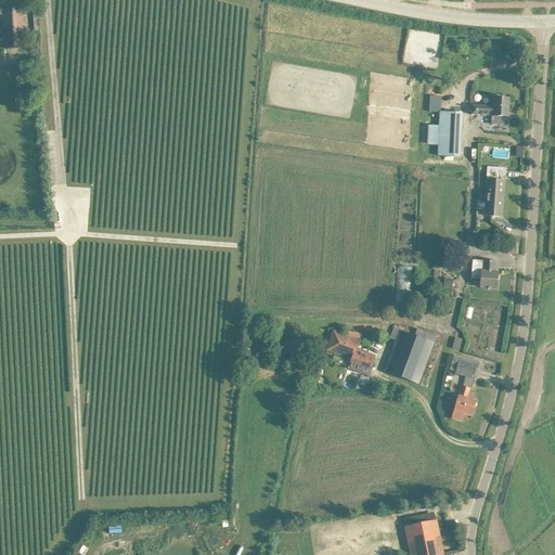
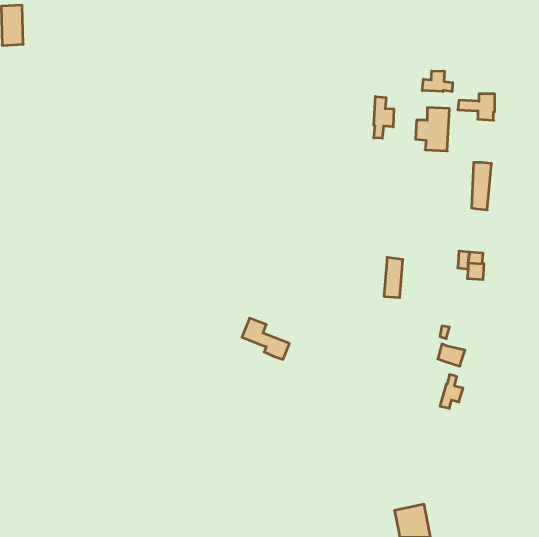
building: none -> [422,71,453,92]
building: none -> [374,96,394,138]
building: [384,326,434,383] -> none
building: [325,330,374,372] -> [242,318,289,359]

